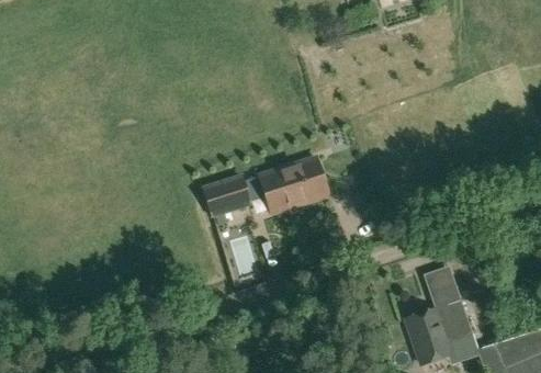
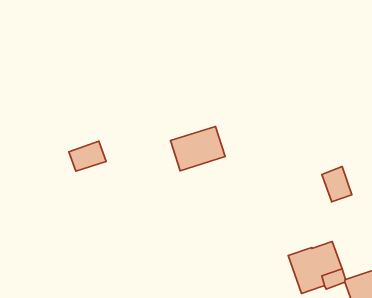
building: [204,177,250,214] -> [69,141,106,171]
building: [424,265,461,309] -> [322,167,352,202]

